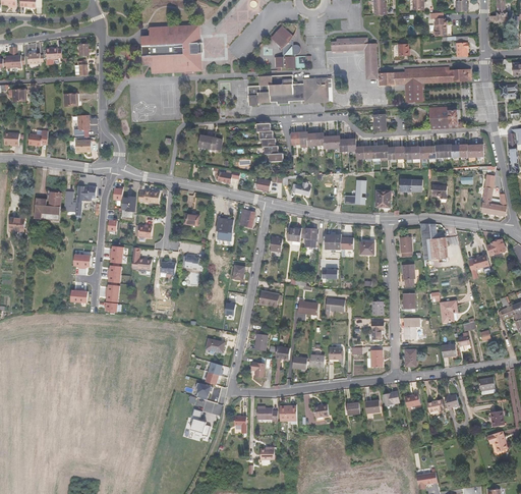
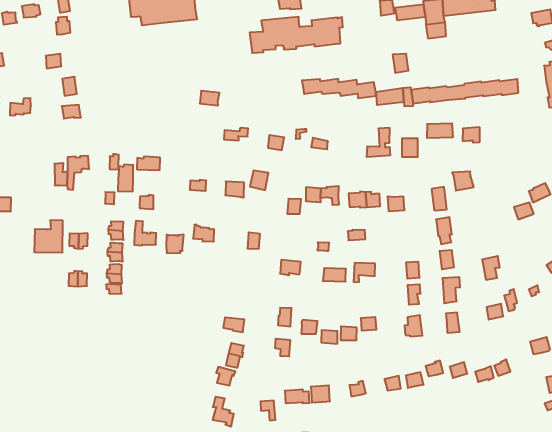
building: [428,105,462,128] -> none
building: [256,122,283,161] -> none
building: [481,180,506,216] -> none
building: [34,190,61,220] -> [34,220,63,252]
building: [421,237,448,259] -> none

